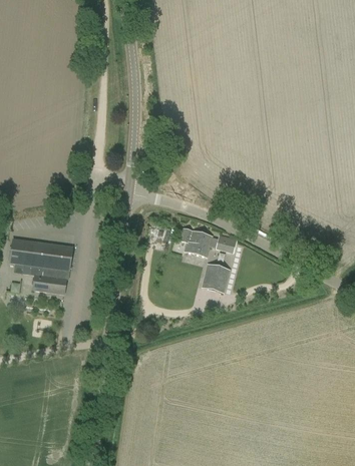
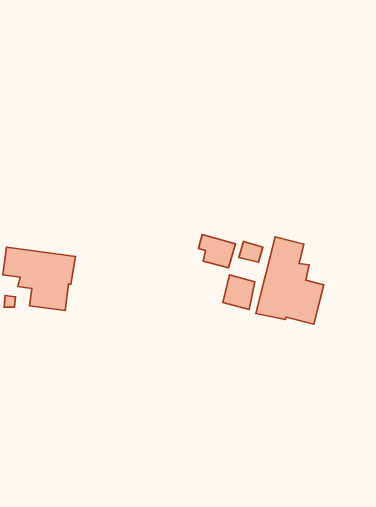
building: none -> [256,237,324,324]

